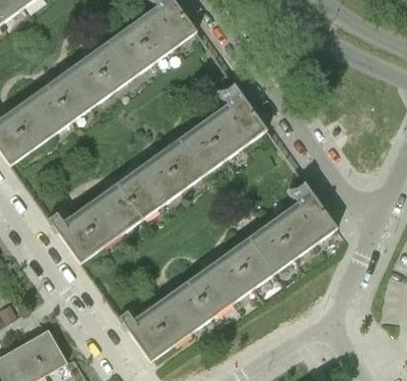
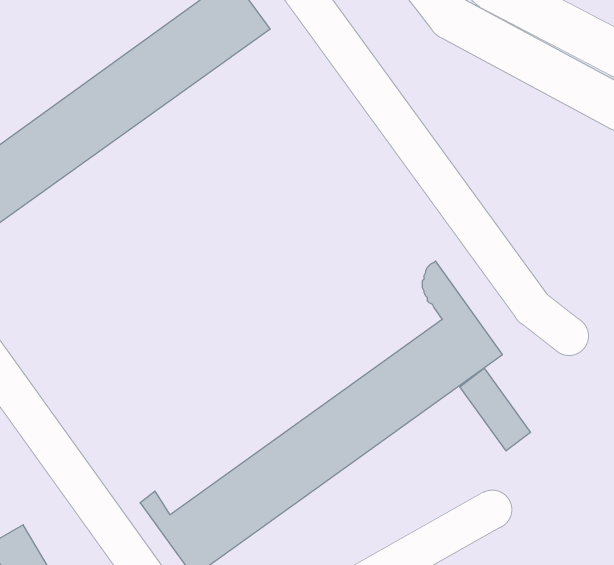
building: [47,71,266,261] -> none
building: none -> [460,368,530,451]

